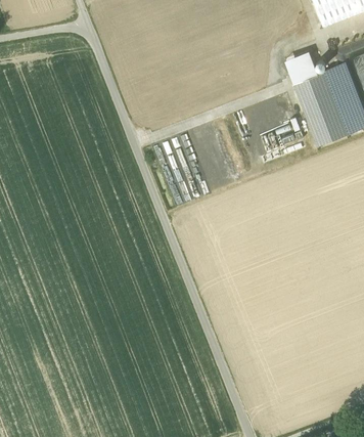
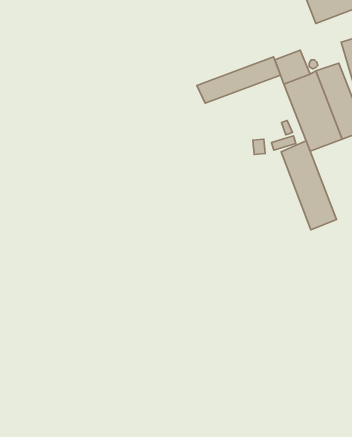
building: none -> [197,57,281,103]
building: none -> [281,141,337,230]

